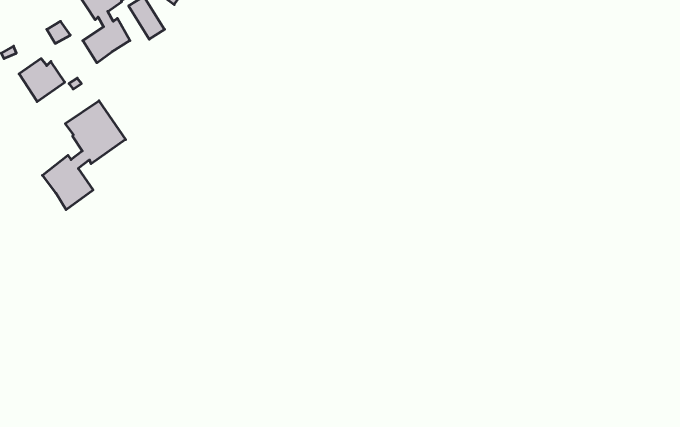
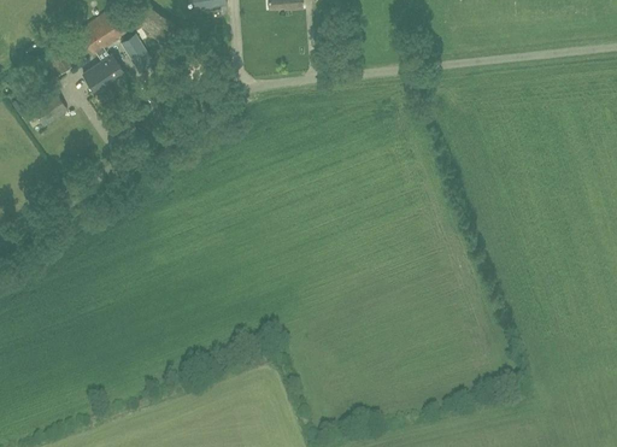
building: [42,101,126,210] -> none

